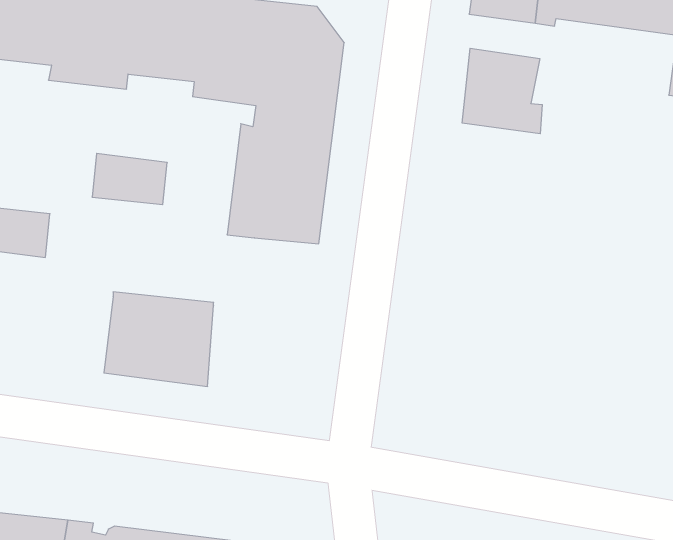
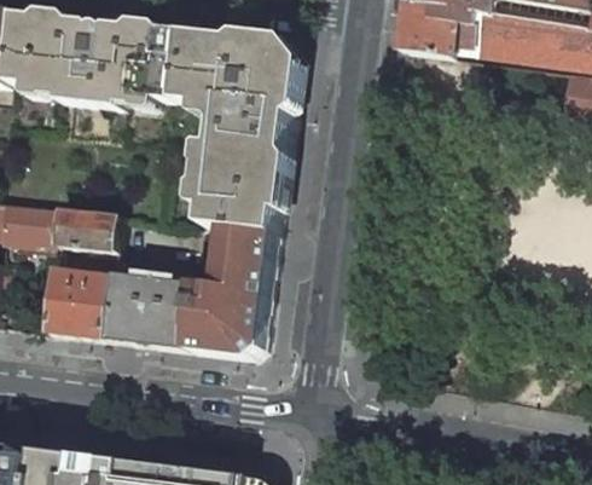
building: [462,48,542,134] -> none
building: [92,153,167,205] -> [51,208,111,249]
building: none -> [181,227,271,356]
building: none -> [40,267,105,336]

